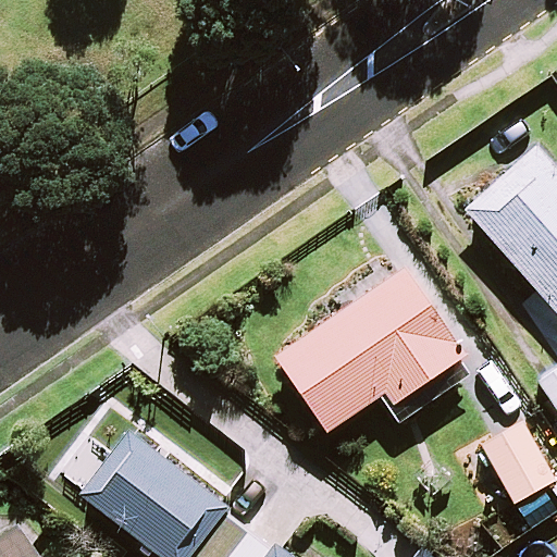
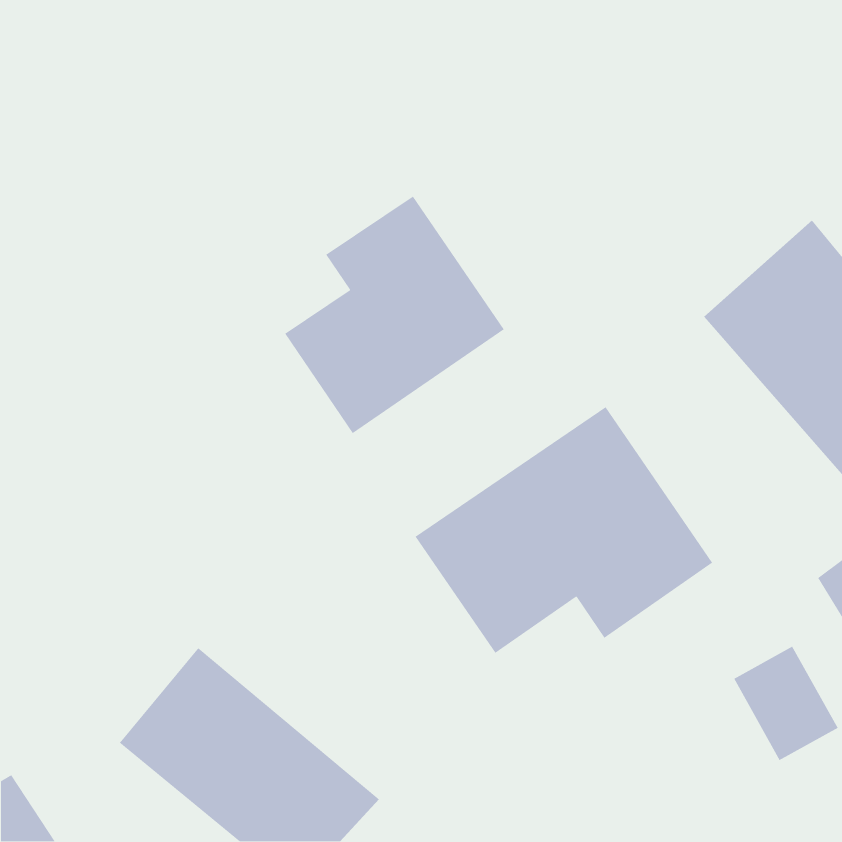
building: none -> [284,195,505,434]

